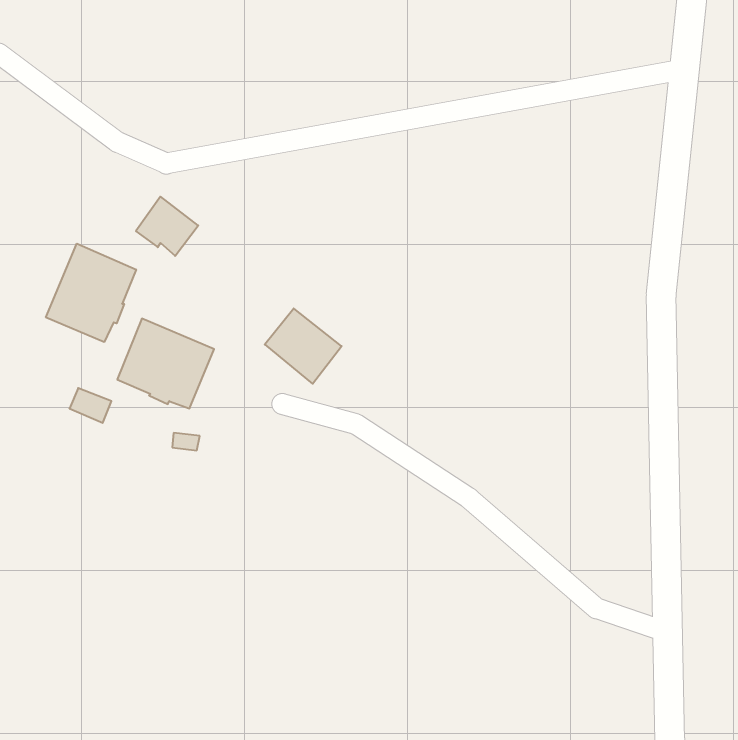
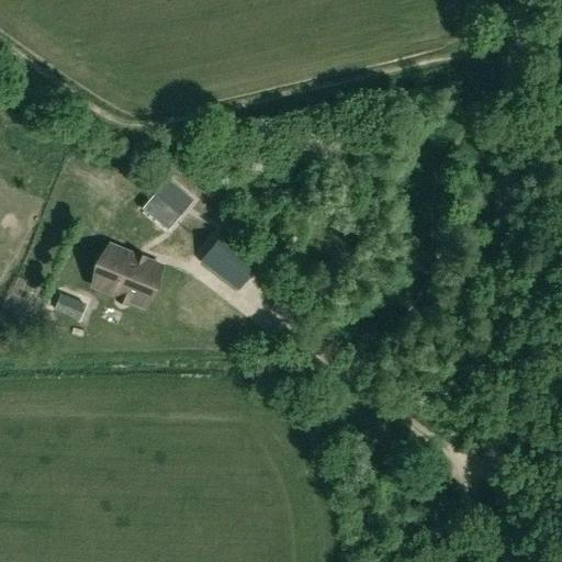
building: [136,197,198,256] -> [146,177,193,222]
building: [46,244,136,342] -> none

